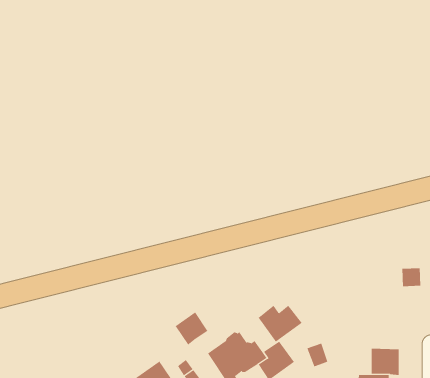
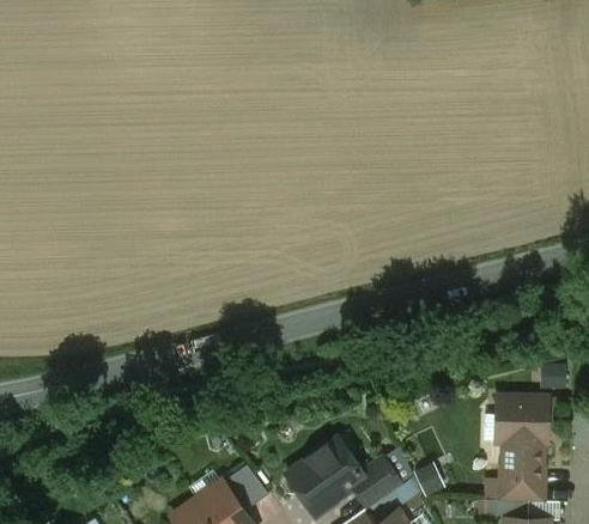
building: none -> [497,396,548,467]
building: [258,305,302,342] -> none
building: [175,311,208,346] -> none

